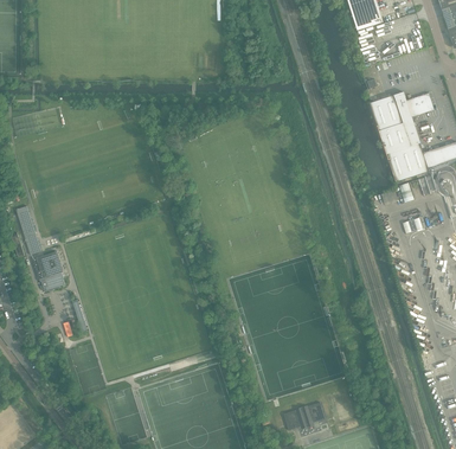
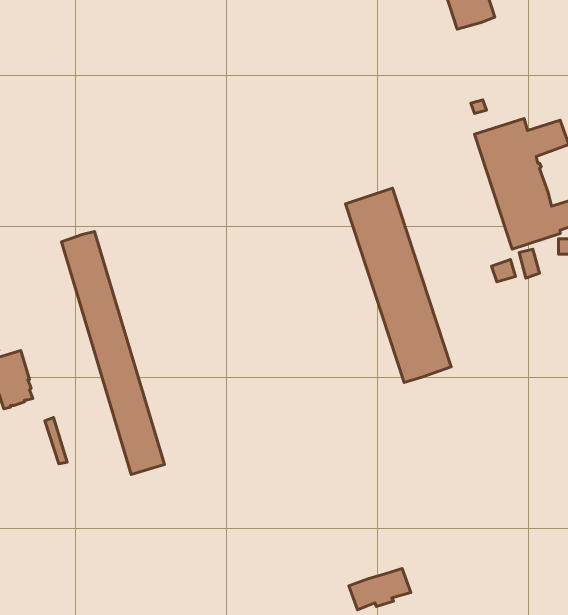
building: none -> [346,188,451,382]
building: none -> [61,232,164,475]

